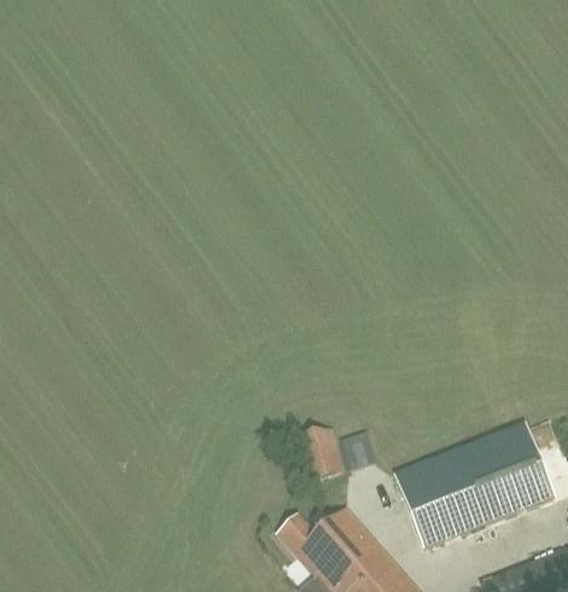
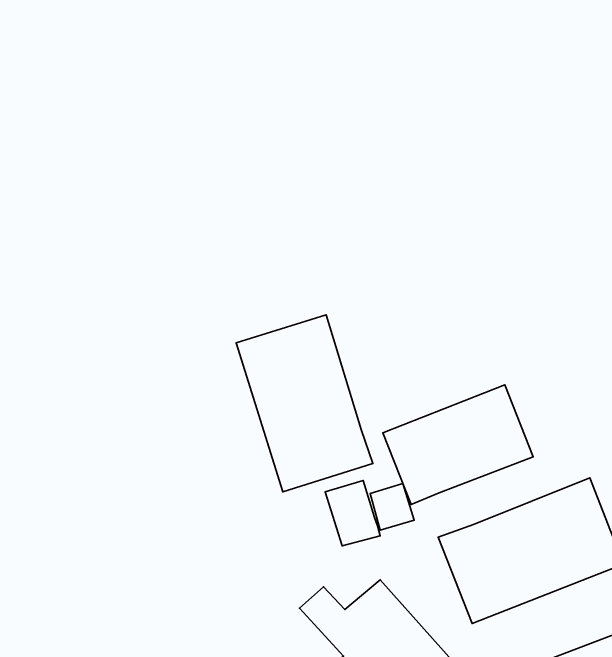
building: none -> [236,315,373,492]
building: none -> [383,385,533,505]

